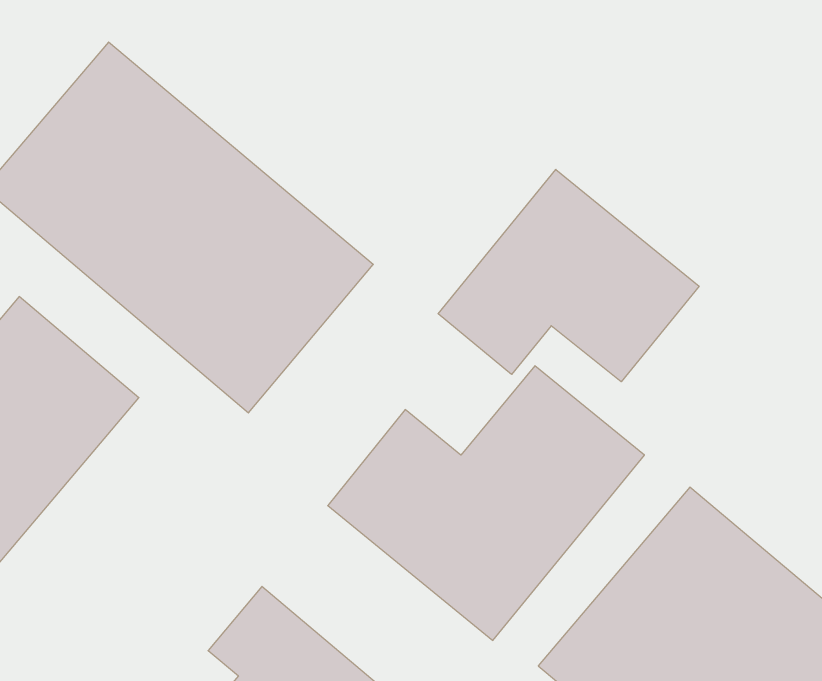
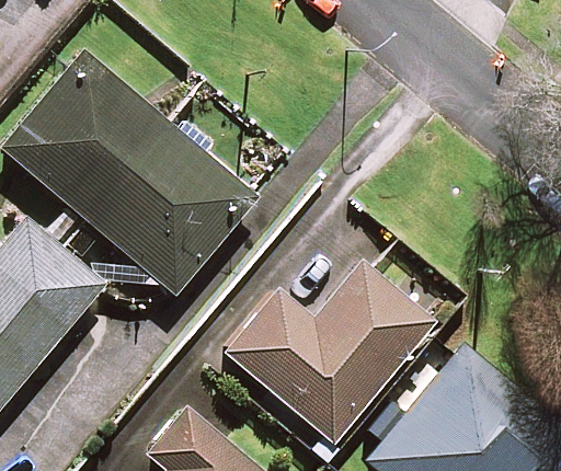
building: [438,169,699,382] -> none

